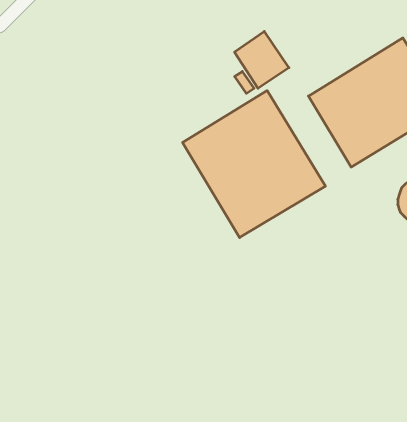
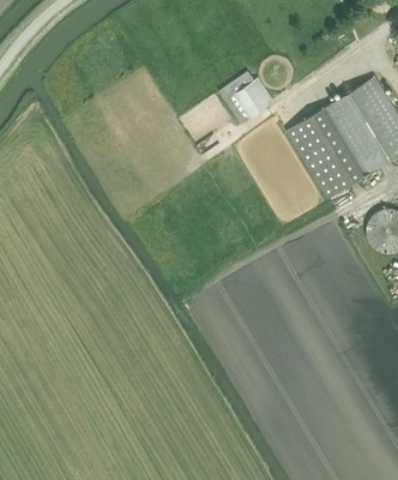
building: [183,91,325,238] -> none

